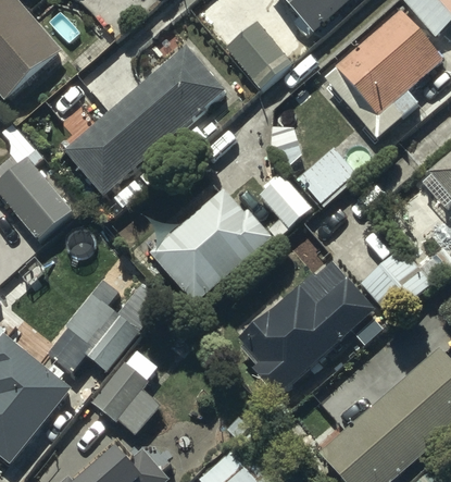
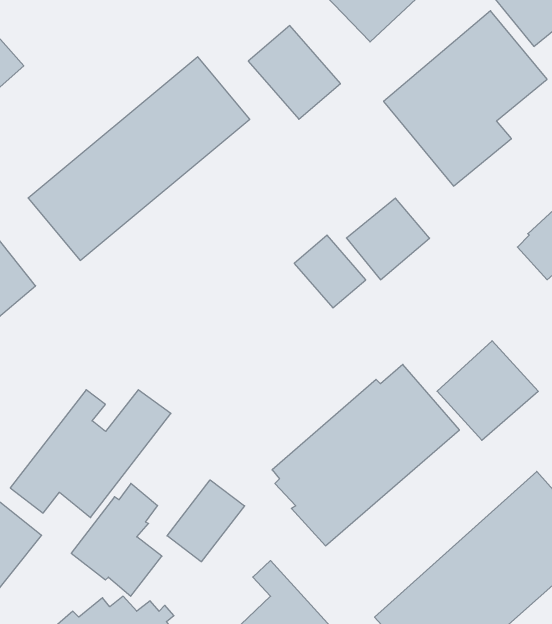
building: [149,188,271,302] -> none
building: none -> [167,480,245,562]

